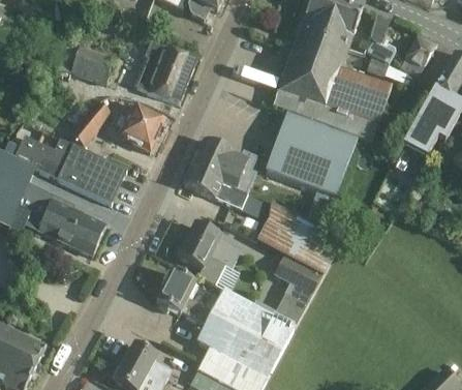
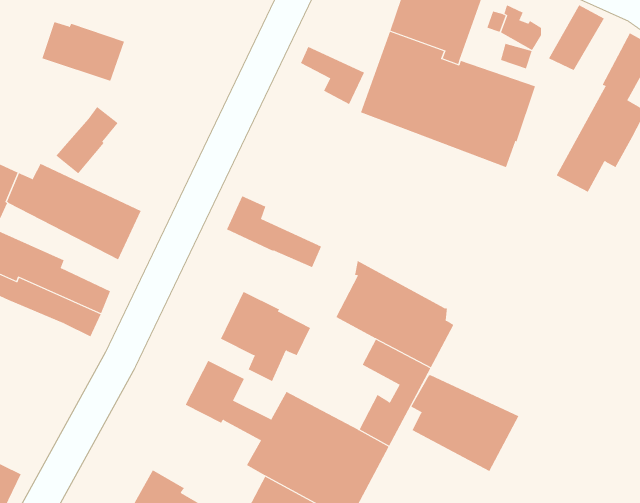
building: [134,41,196,101] -> none
building: [119,103,165,151] -> none
building: [265,113,357,228] -> none
building: [193,137,255,192] -> none
building: none -> [411,375,519,472]

